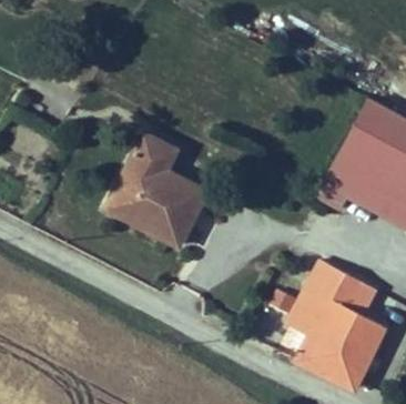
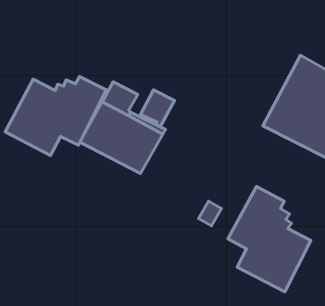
building: none -> [5,76,106,155]
building: none -> [140,90,175,127]

